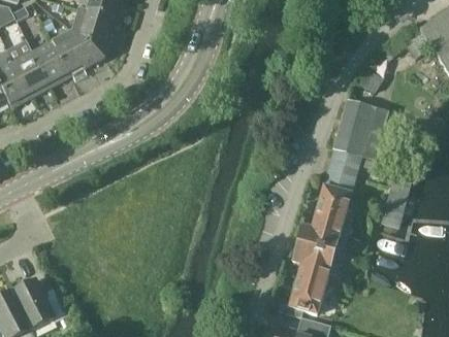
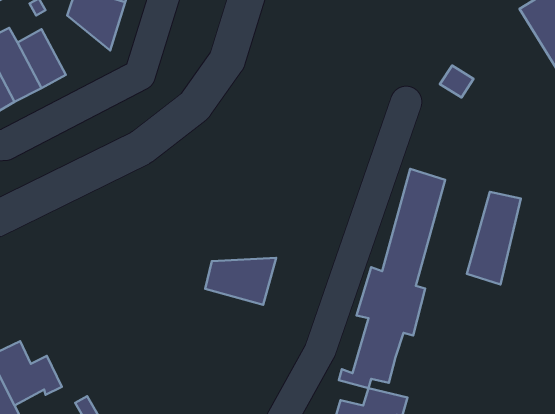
building: [51,31,103,76] -> none
building: [333,100,387,161] -> none
building: none -> [205,258,276,305]

